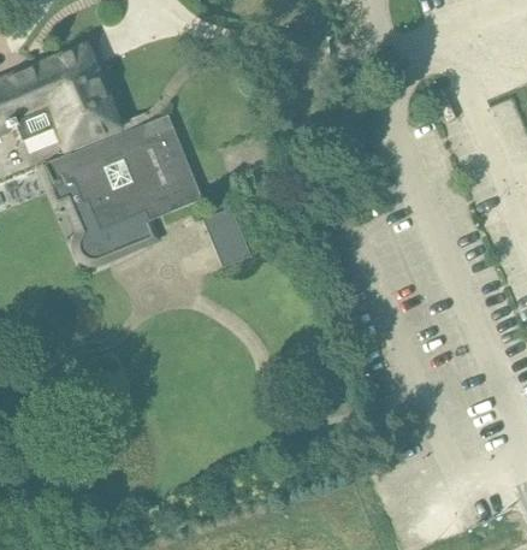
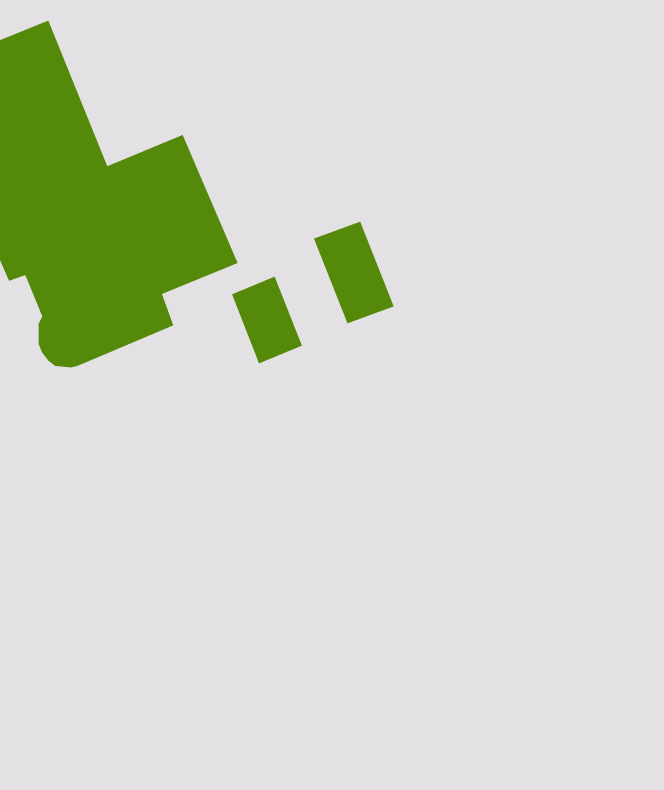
building: none -> [313,221,394,324]

